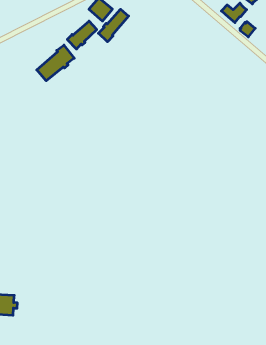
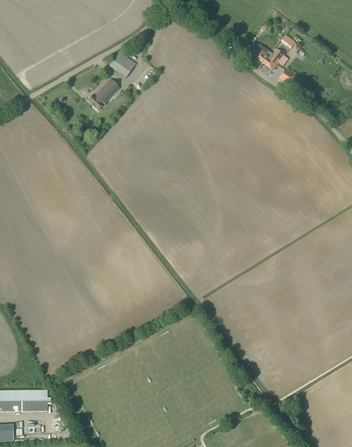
building: [98,9,129,42] -> none
building: [37,45,74,81] -> none

